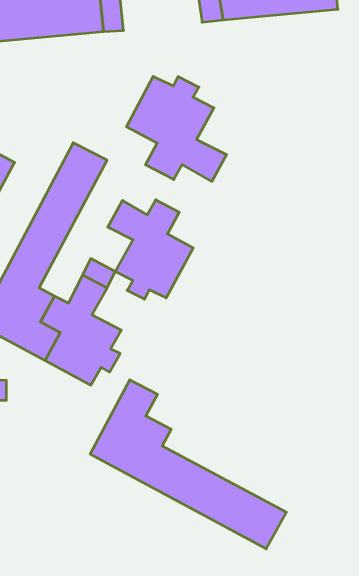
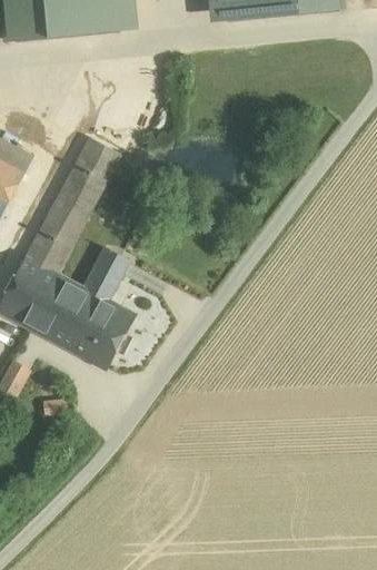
building: [127,76,227,181] -> none
building: [108,200,193,299] -> none
building: [90,380,286,549] -> none

